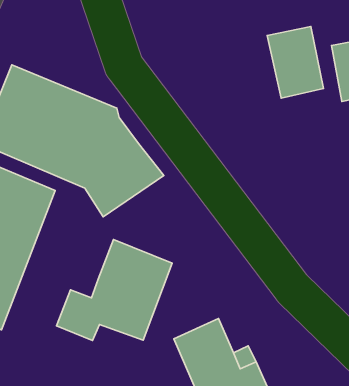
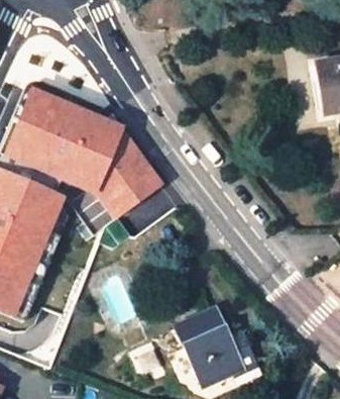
building: [267,27,323,98] -> none
building: [56,239,172,340] -> none

